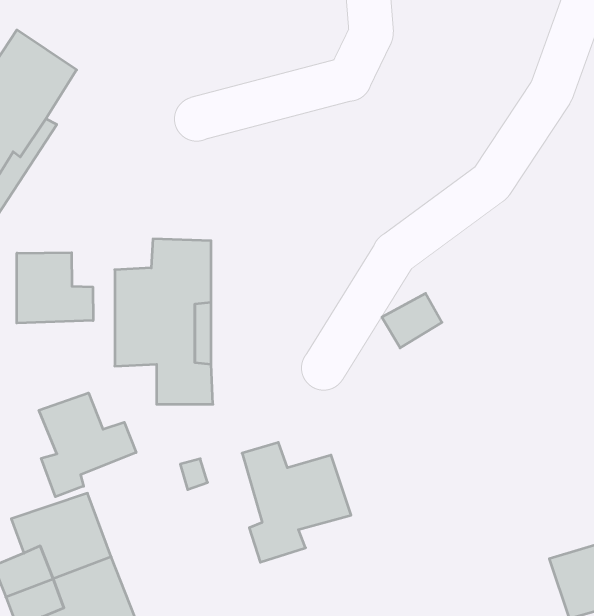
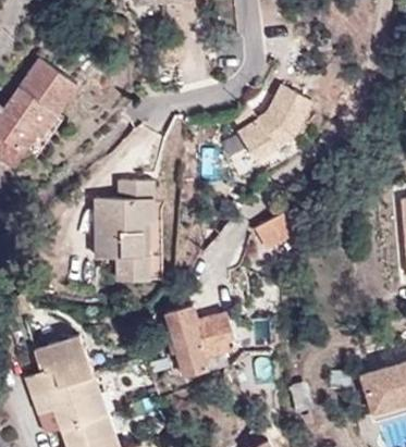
building: none -> [236,83,310,159]
building: [17,253,93,323] -> none
building: [39,393,136,497] -> none

